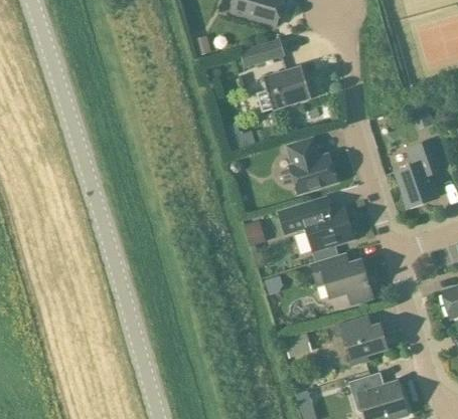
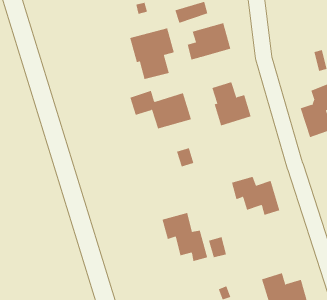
building: none -> [129,28,175,80]
building: [279,202,355,250] -> [130,90,192,129]
building: none -> [162,212,208,262]
building: [333,317,389,364] -> none

